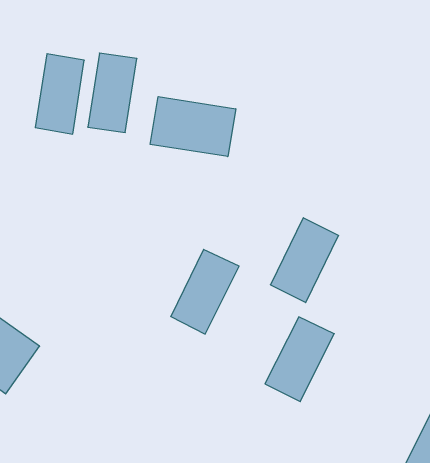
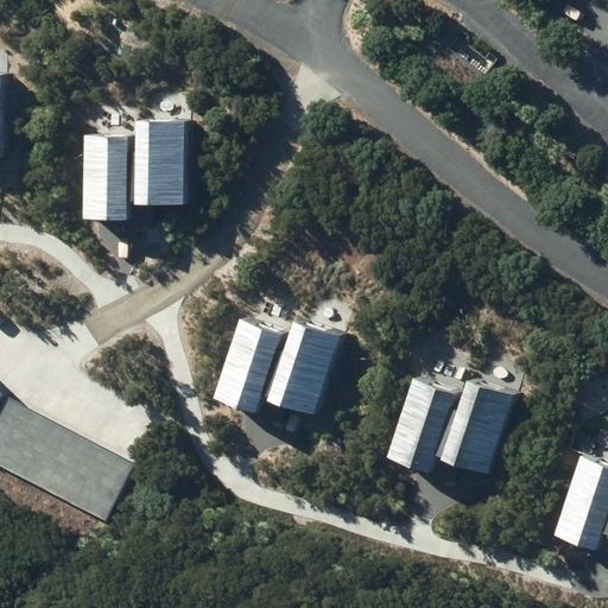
building: [150,97,236,157] -> none
building: [270,218,339,303] -> [444,380,511,474]
building: none -> [213,318,280,412]

